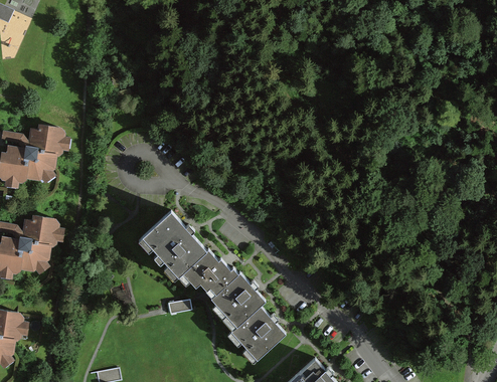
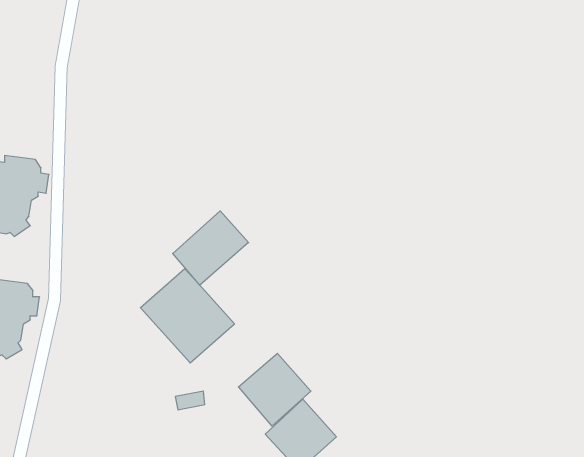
building: none -> [173,211,249,285]
building: [183,250,237,293] -> none

